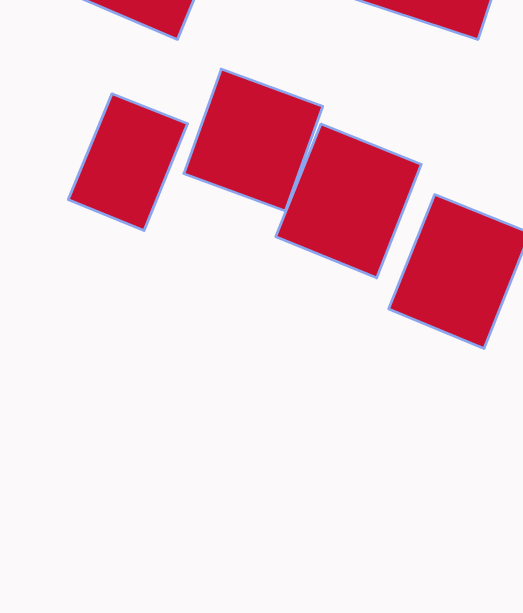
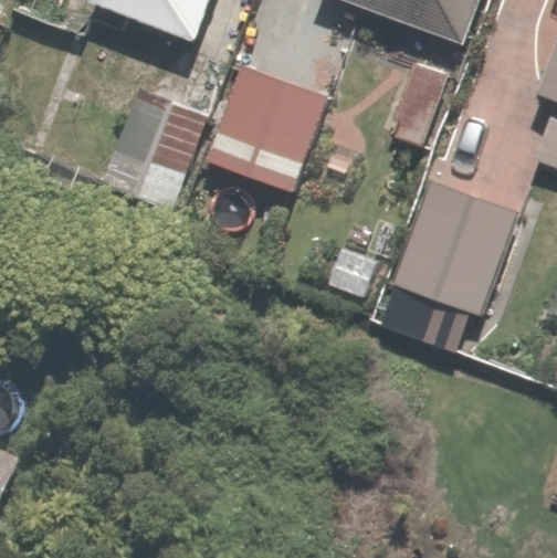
building: [276,124,421,278] -> none

